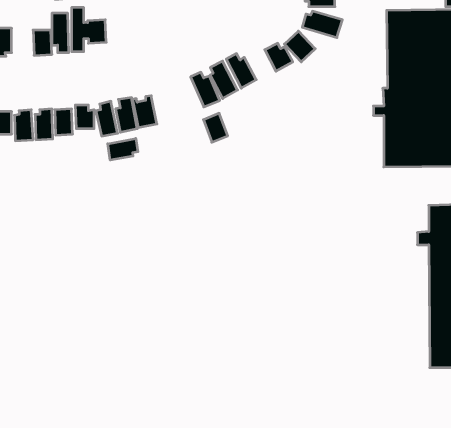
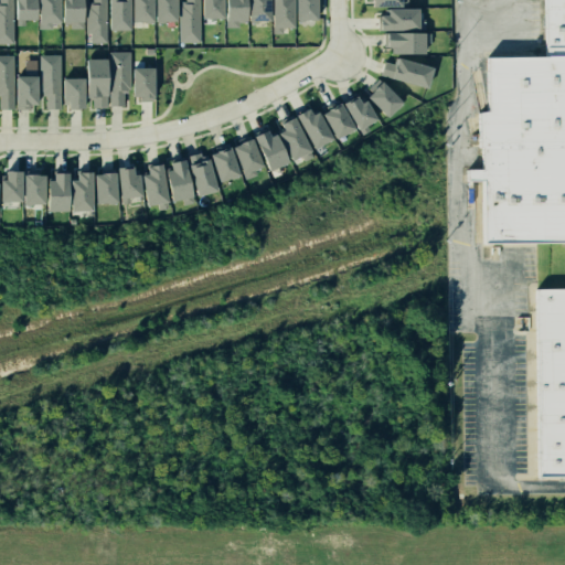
building: none -> [46,56,68,110]
building: none -> [323,105,354,138]
building: none -> [211,148,239,181]
building: [203,113,228,142] -> [234,139,263,173]
building: [108,138,138,160] -> none

